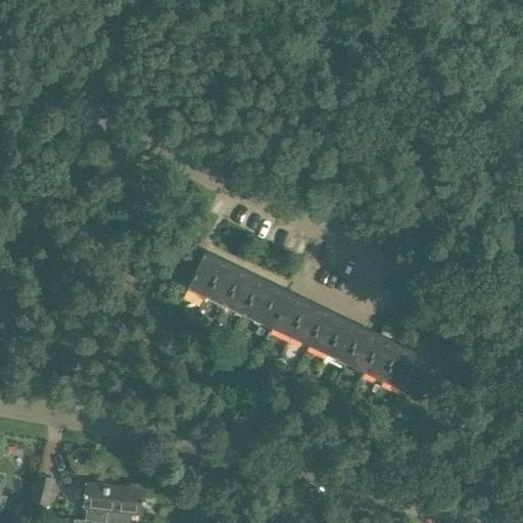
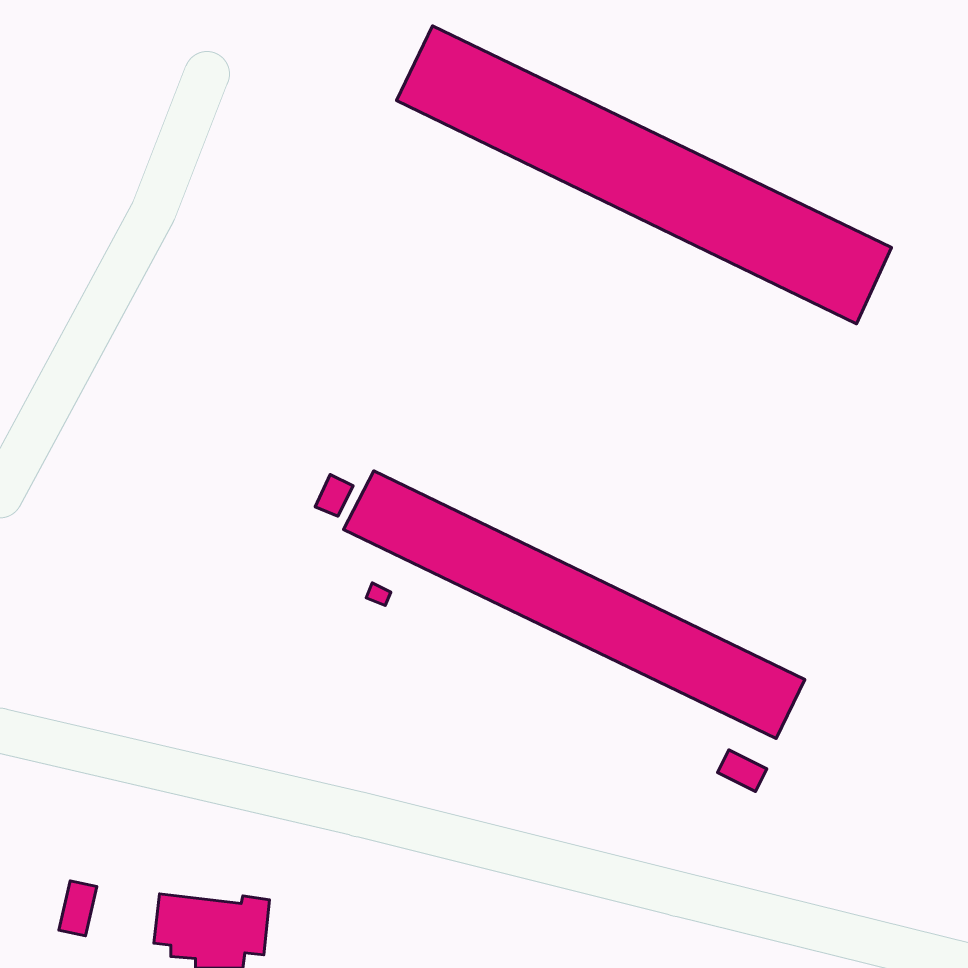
building: none -> [396,26,891,324]

